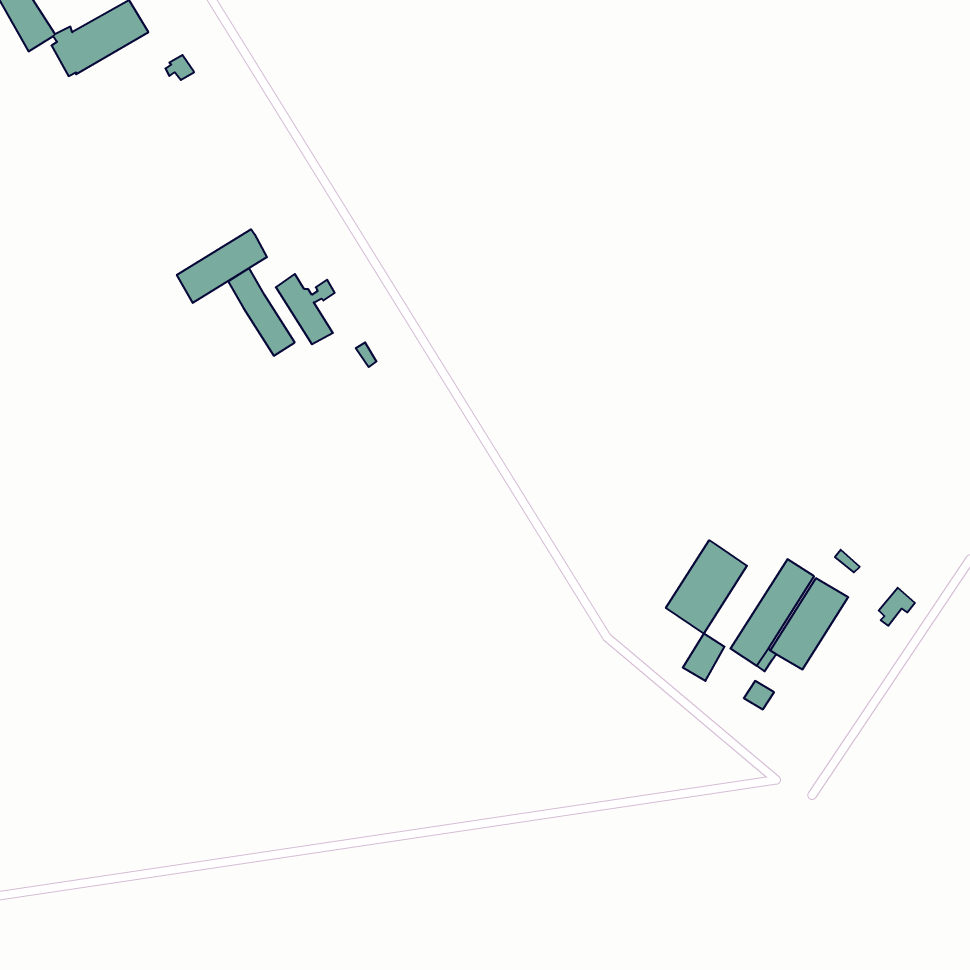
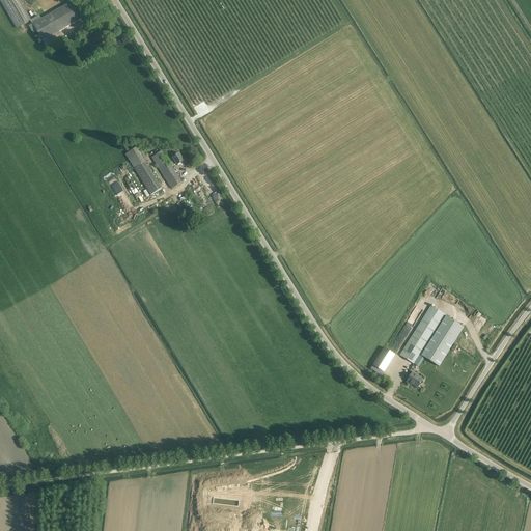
building: [177,229,267,303] -> none
building: [666,540,747,633] -> none

